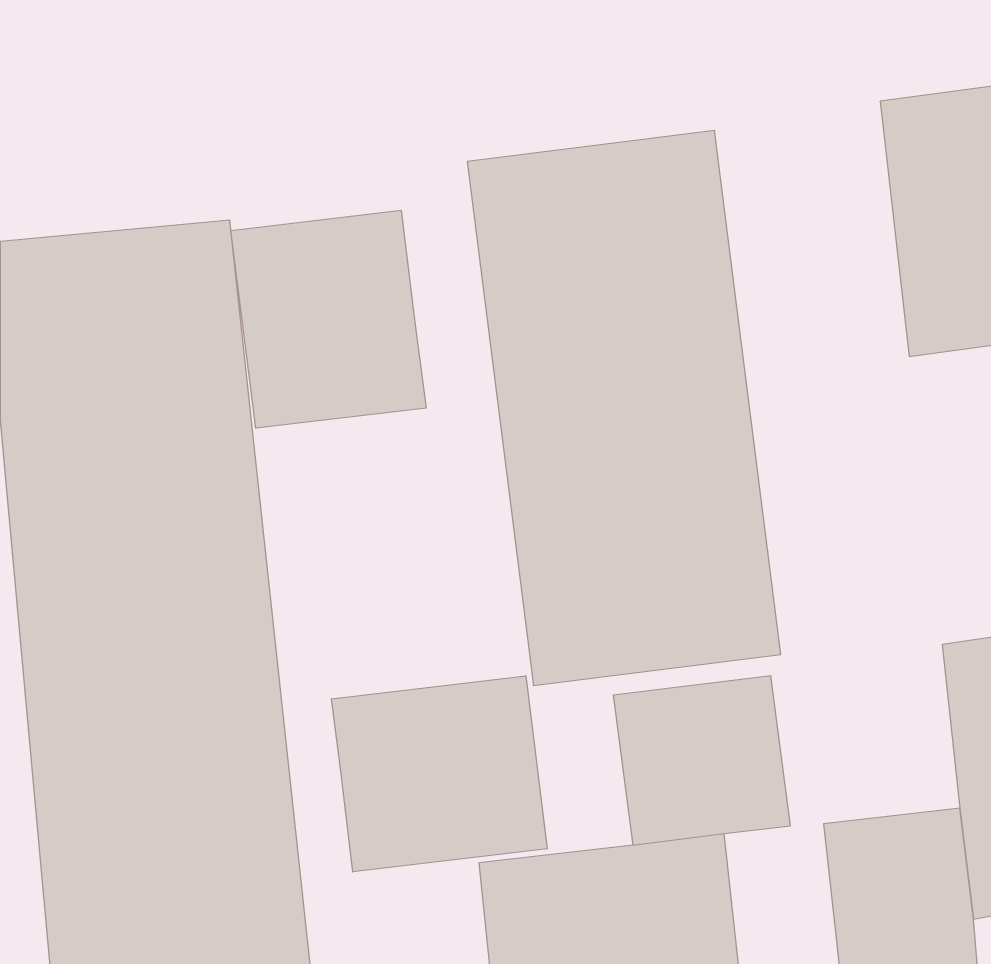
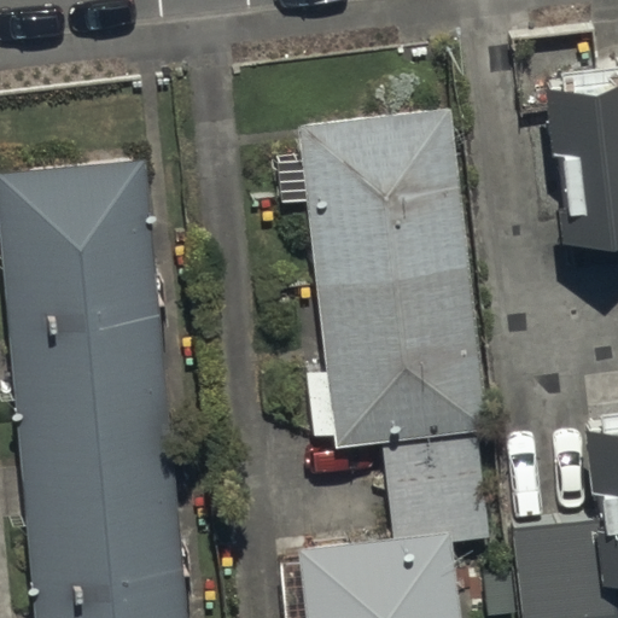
building: [231,210,426,428] -> none
building: [331,676,547,872] -> none

